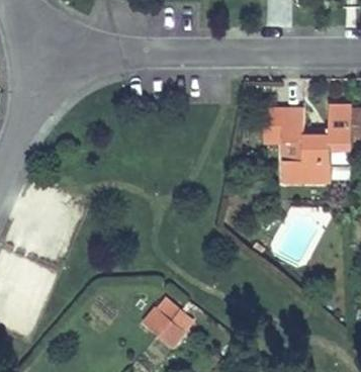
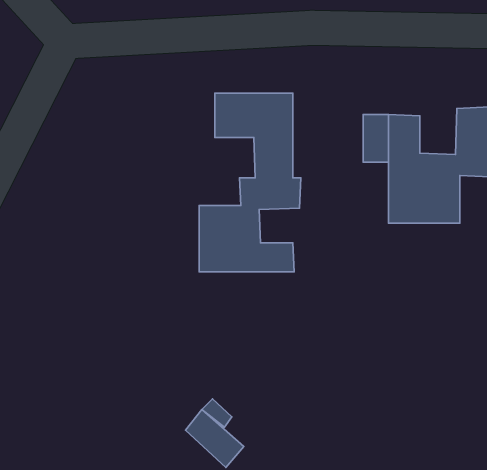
building: none -> [199,93,301,272]

